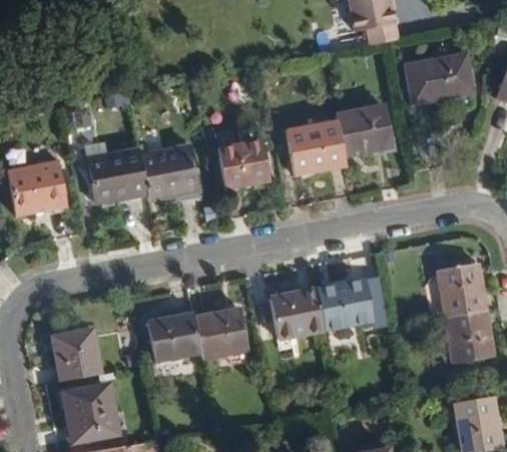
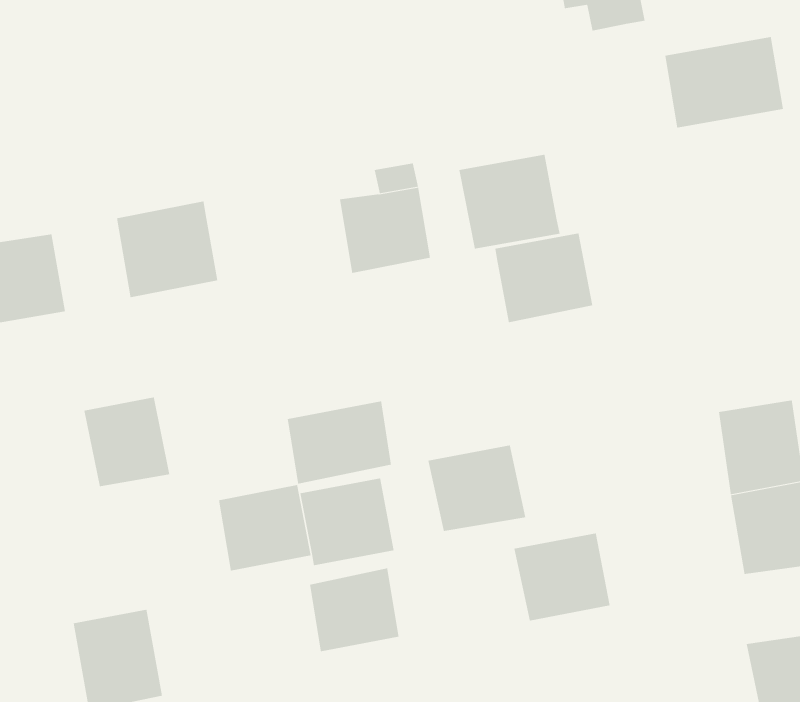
building: [337,104,394,156] -> [494,233,593,323]
building: [141,143,200,199] -> none
building: none -> [287,400,391,485]
building: [318,279,374,330] -> [514,533,610,621]
building: [53,327,103,379] -> [84,397,170,487]
building: none -> [310,568,399,652]

